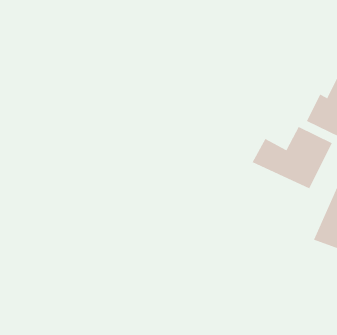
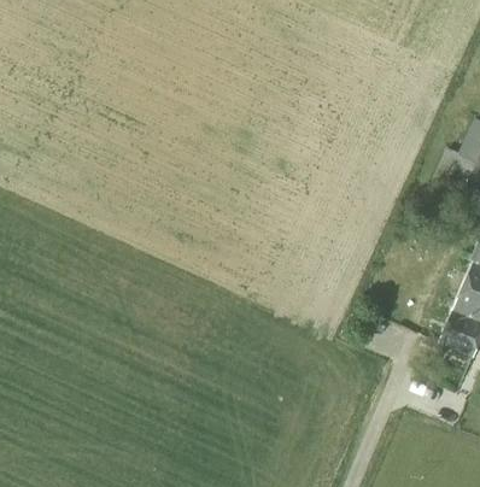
building: [252,126,332,189] -> none

